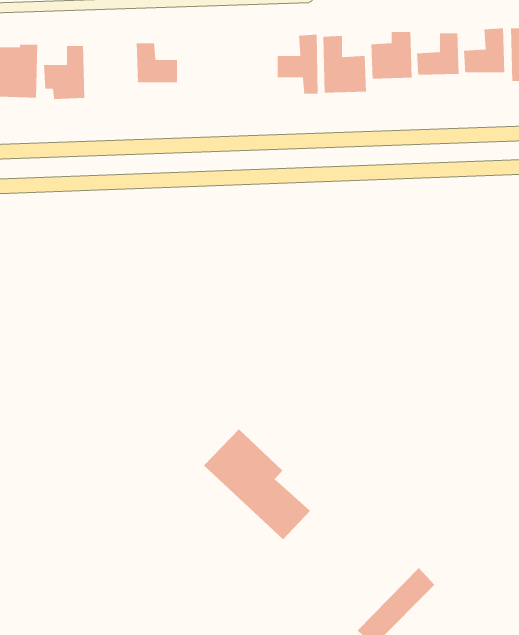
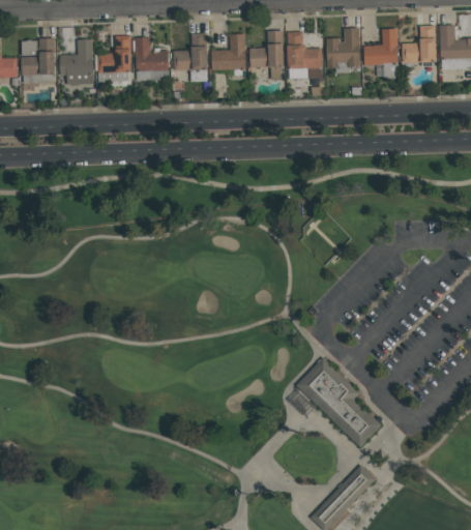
building: none -> [173,33,208,70]
building: none -> [212,33,246,70]
building: none -> [97,35,131,73]
building: [203,429,311,540] -> [295,359,383,450]

